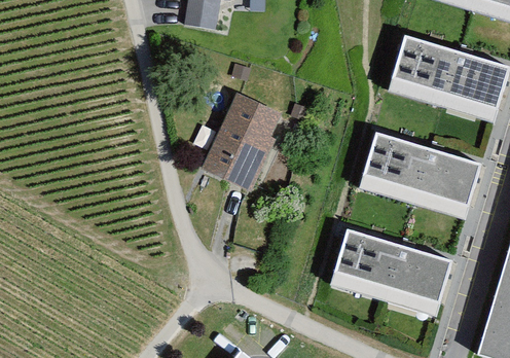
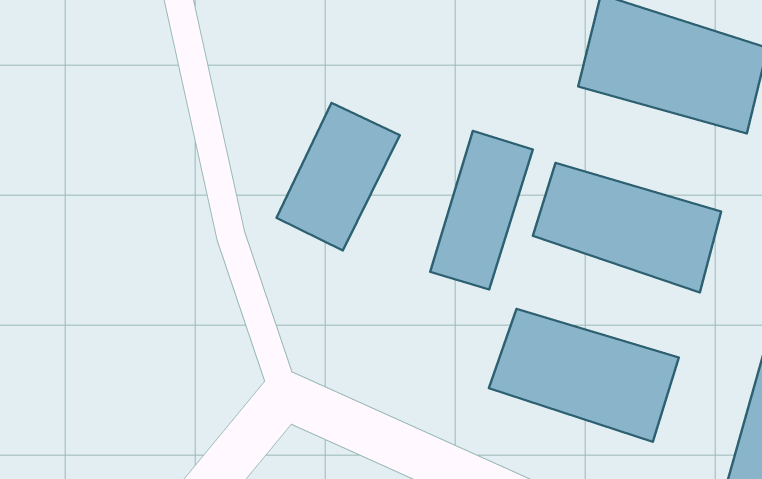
building: none -> [430,131,533,290]

